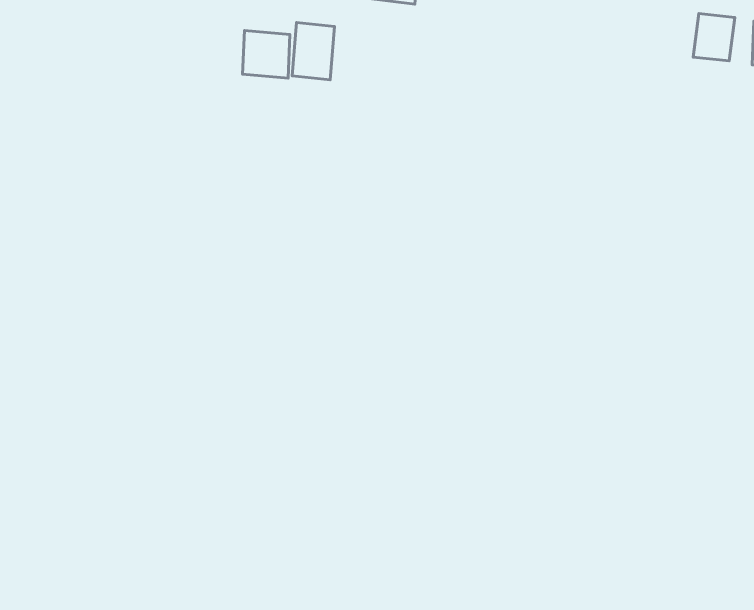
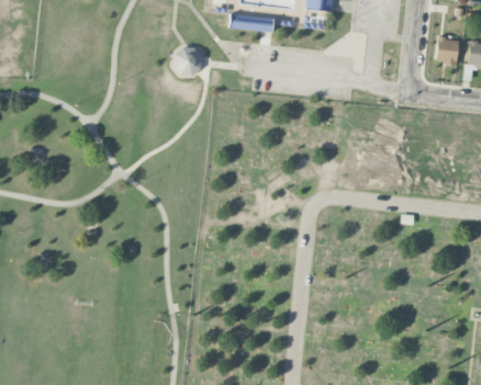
building: [292,22,334,80] -> none

